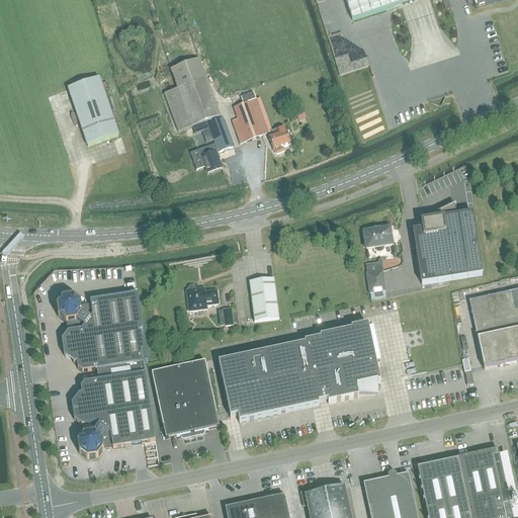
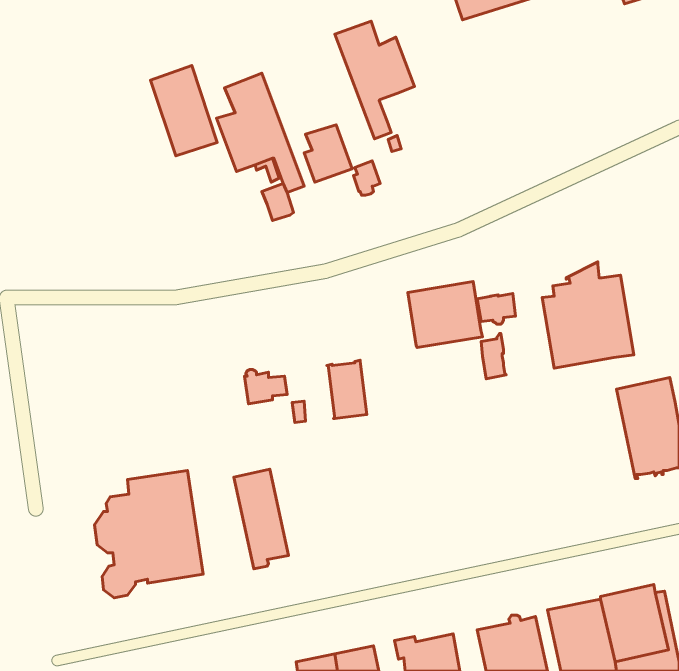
building: none -> [335,21,415,139]
building: [68,73,118,142] -> [151,66,217,156]
building: none -> [408,282,482,348]
building: [57,289,148,368] -> none
building: [219,321,380,418] -> none
building: [152,363,193,435] -> none

